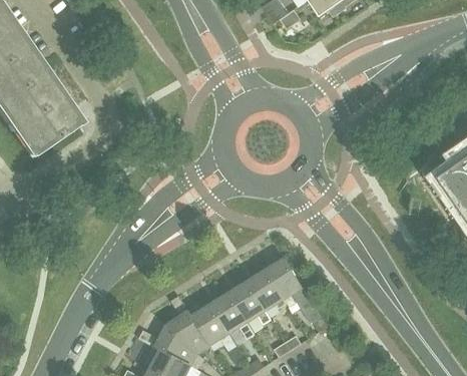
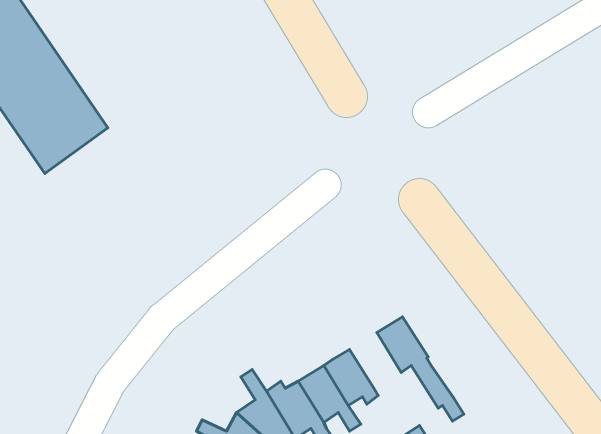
building: [248,269,287,308] -> none

